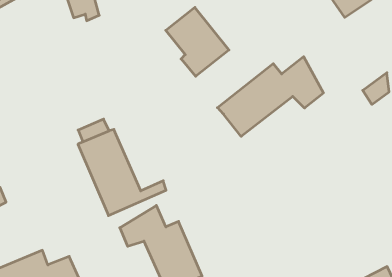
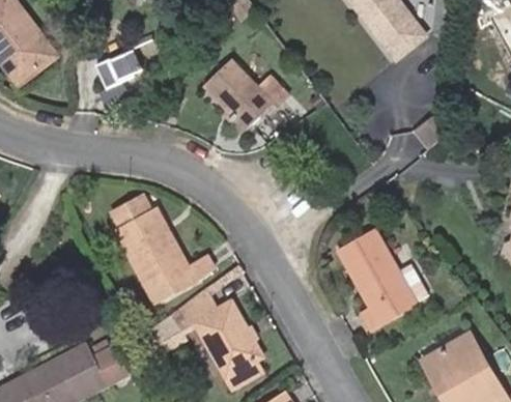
building: [217,57,323,136] -> none
building: none -> [337,228,414,319]

